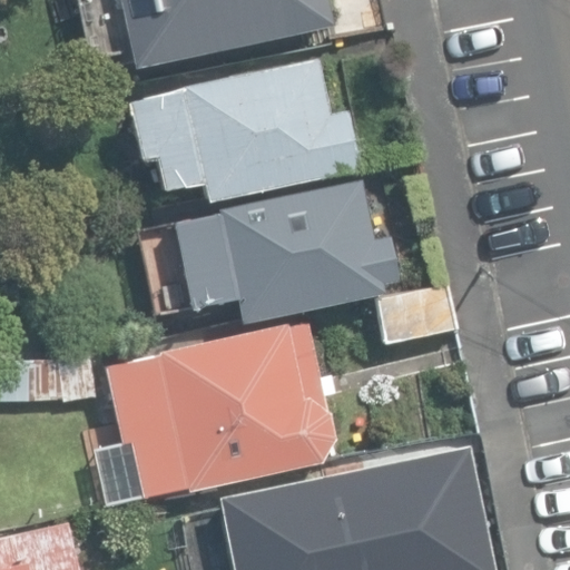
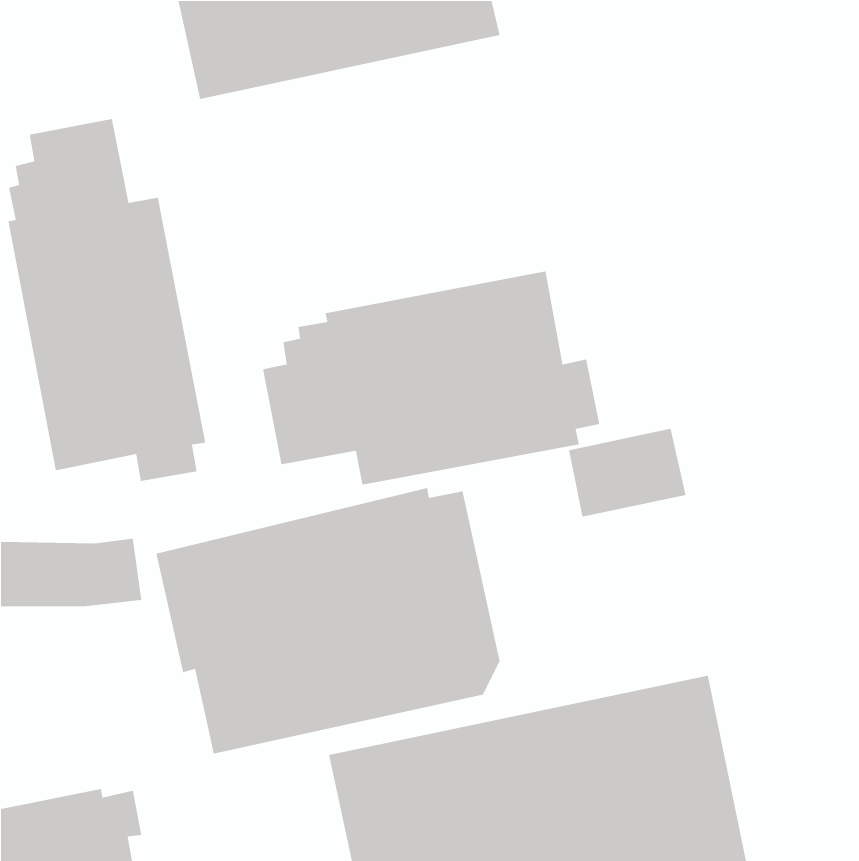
building: [129,59,360,200] -> none
building: none -> [7,118,206,482]

